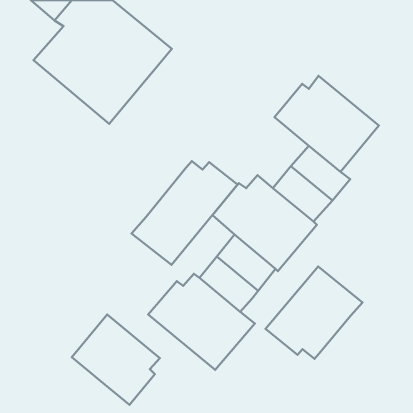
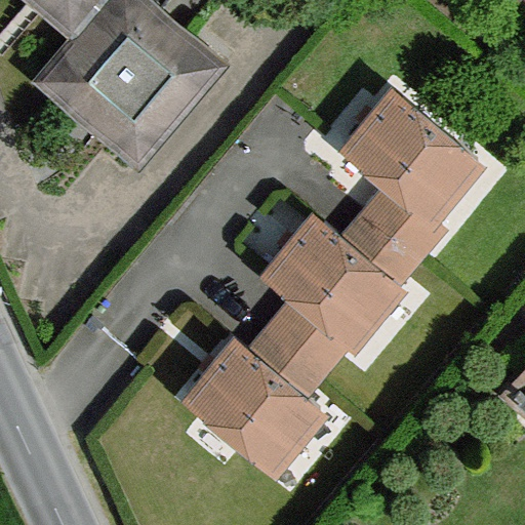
building: [132,161,238,265] -> none
building: [266,266,363,359] -> none
building: [72,315,160,405] -> none

